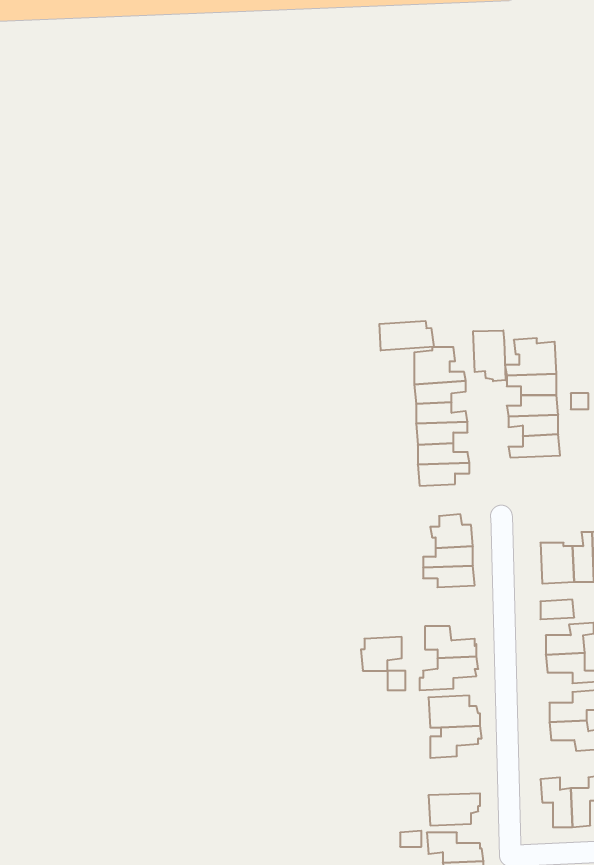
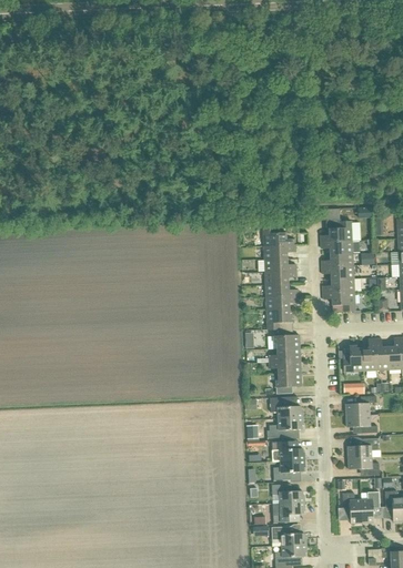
building: [379,321,434,351] -> none
building: [473,330,505,381] -> none
building: none -> [323,292,355,312]
building: none -> [266,310,292,329]
building: [361,637,402,671] -> [275,373,301,394]
building: none -> [271,484,304,504]

